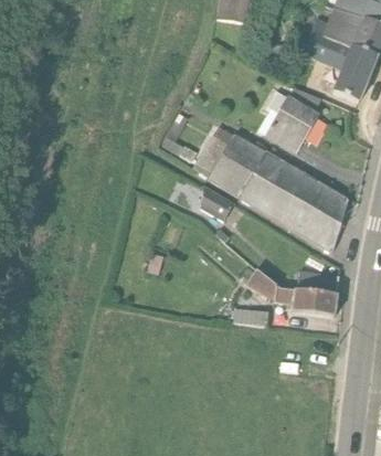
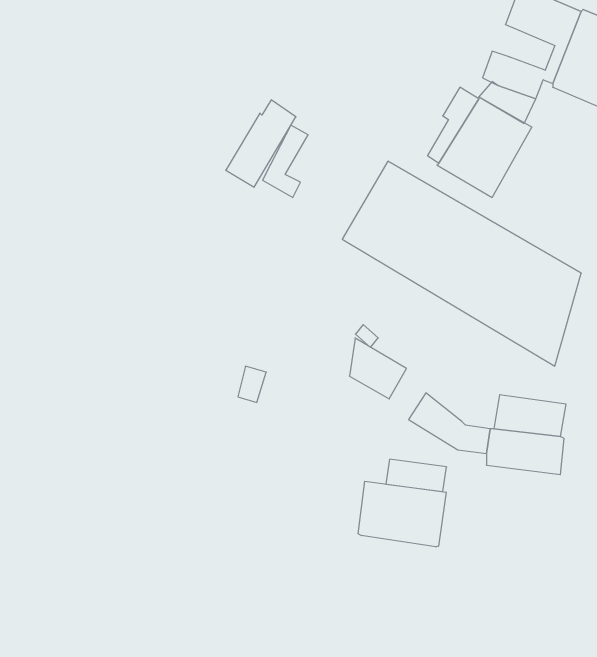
building: [193,126,234,177] -> [226,100,296,187]
building: [201,185,234,221] -> [349,338,406,399]
building: none -> [358,481,446,547]

